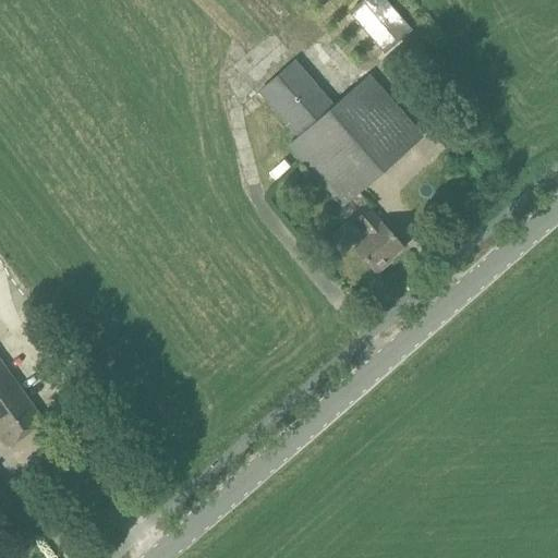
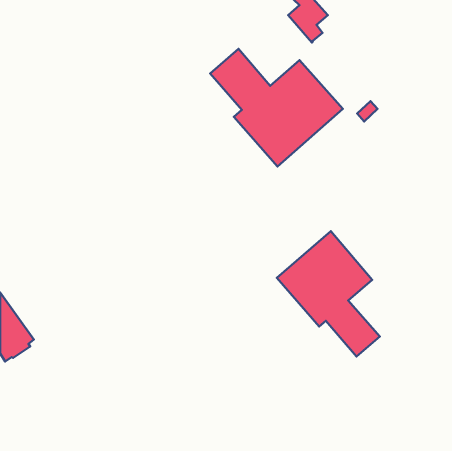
building: [330,207,403,272] -> none
building: none -> [277,231,380,357]

